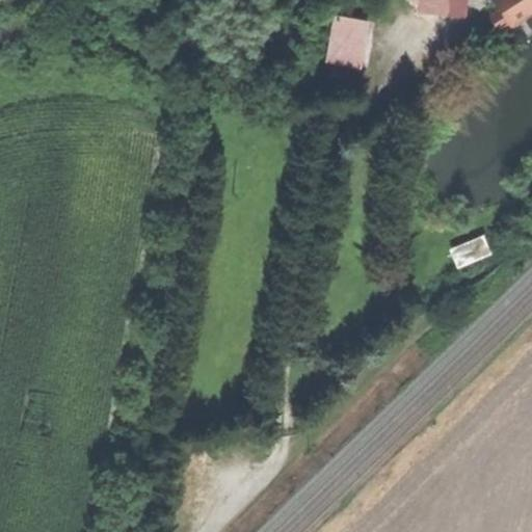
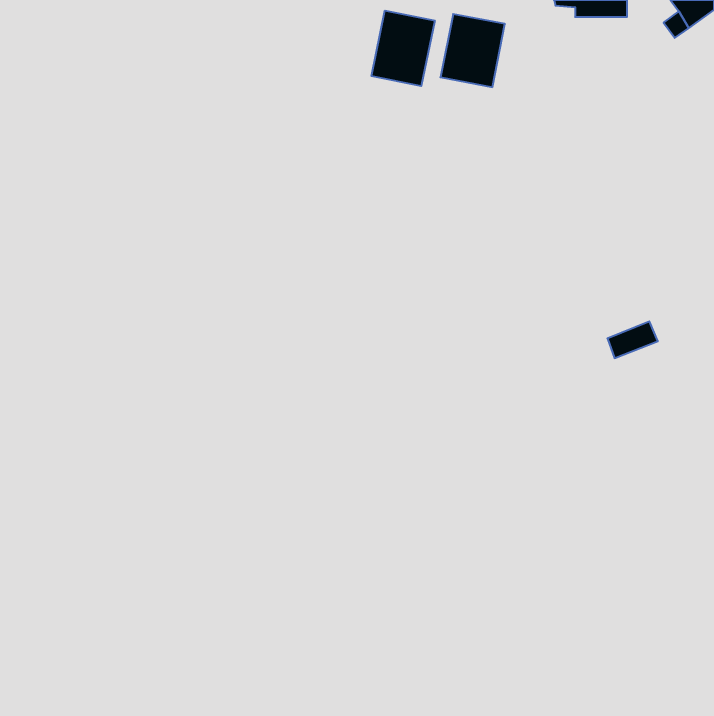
building: none -> [371,11,435,86]

